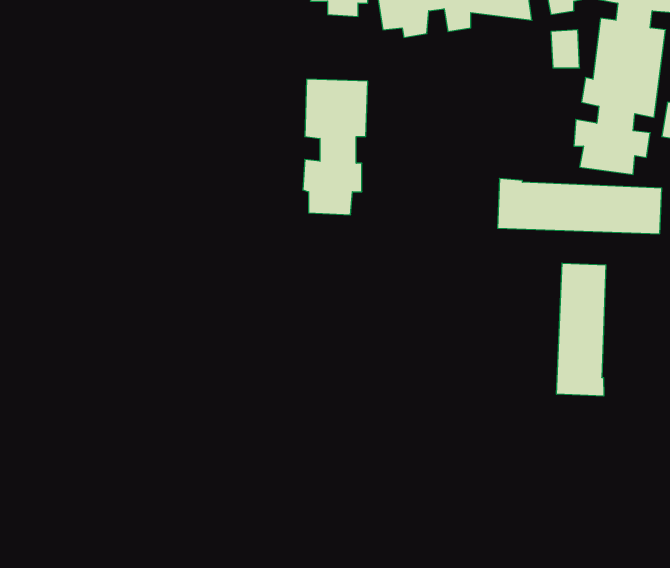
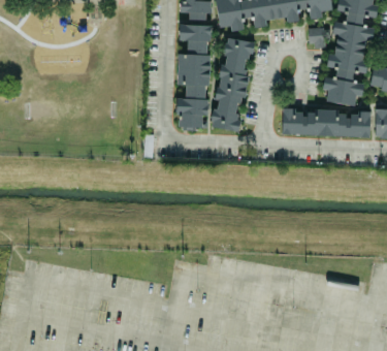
building: none -> [180,24,211,52]
building: none -> [211,37,251,131]
building: [557,263,606,396] -> none

